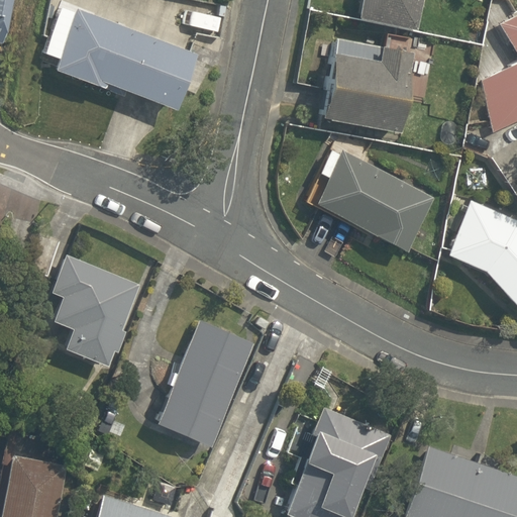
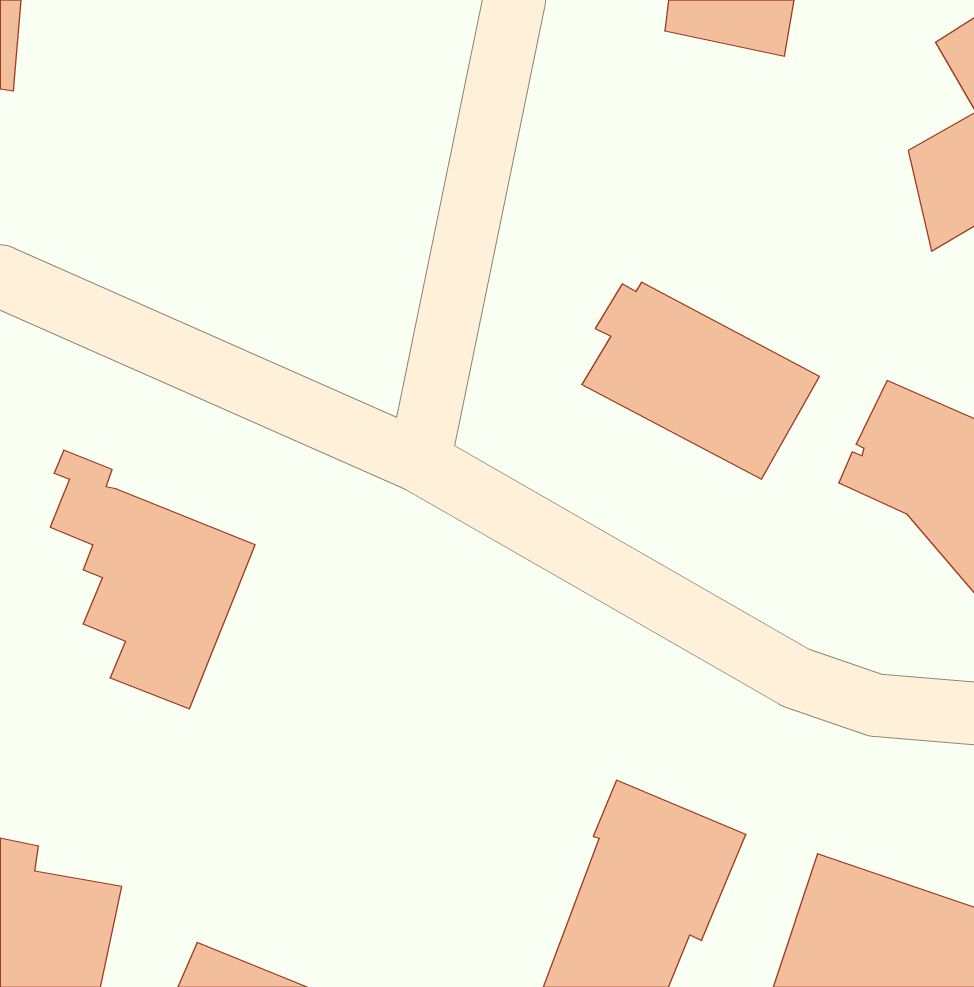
building: [50,13,197,116] -> none
building: [315,36,415,131] -> none
building: [153,319,256,448] -> none

